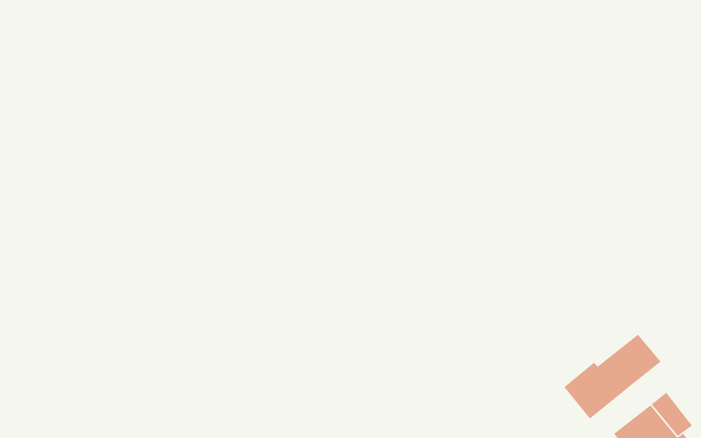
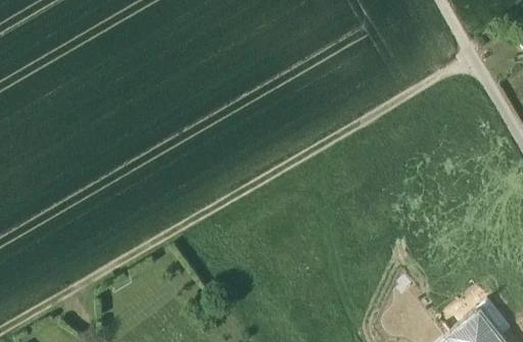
building: [563,334,662,419] -> none

